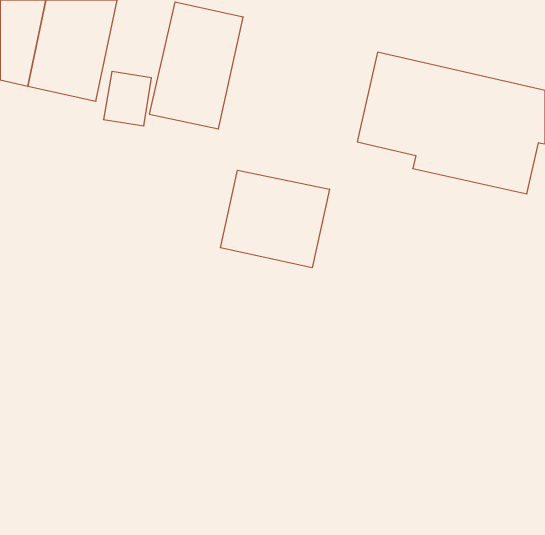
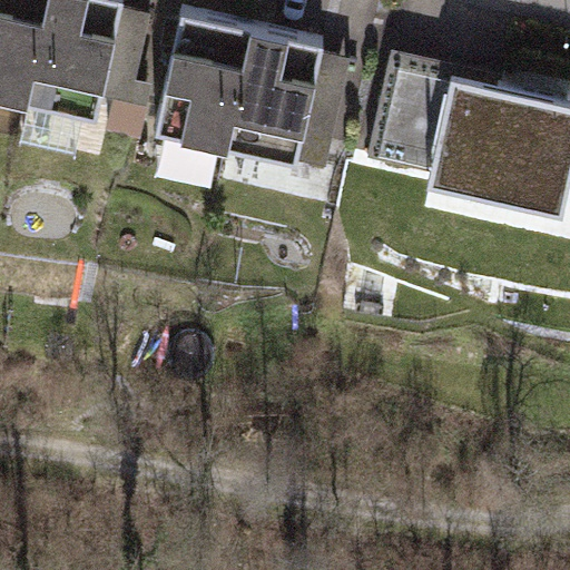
building: none -> [228,28,325,160]
building: [220,170,329,268] -> none

